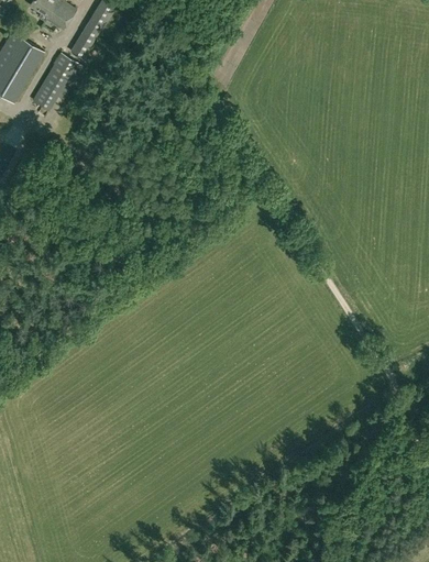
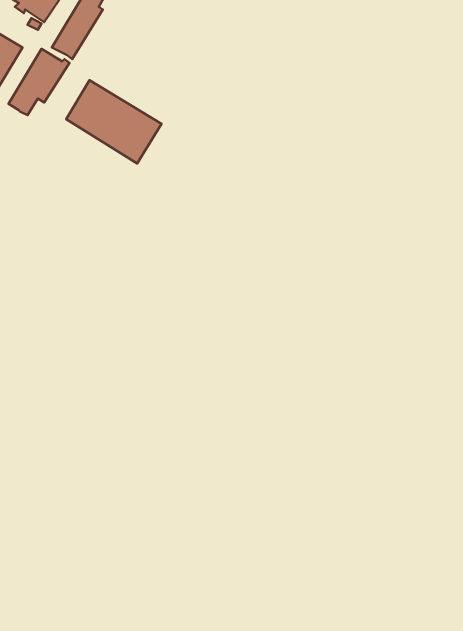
building: none -> [66,80,161,163]

